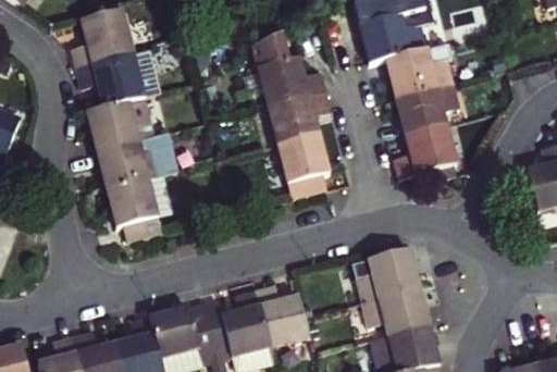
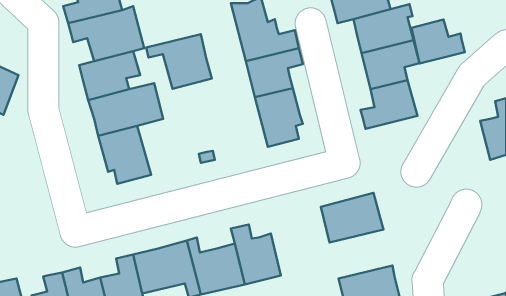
building: none -> [411,20,465,64]
building: none -> [146,34,212,89]
building: [360,288,429,342] -> none

